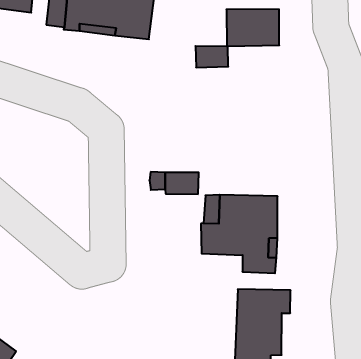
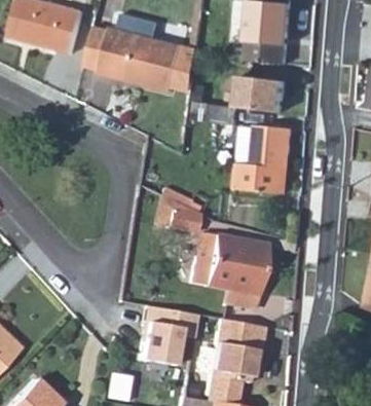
building: none -> [235,127,292,193]
building: none -> [138,306,196,366]

